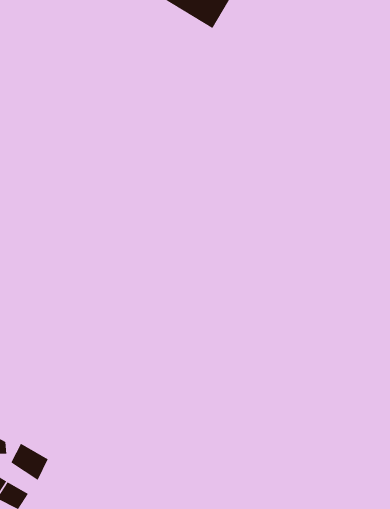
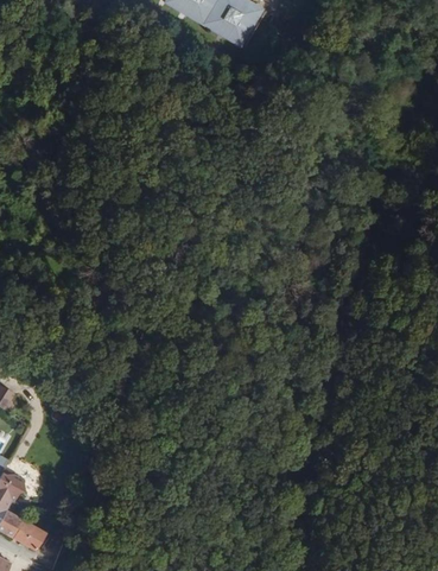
building: [10,443,49,481] -> none

